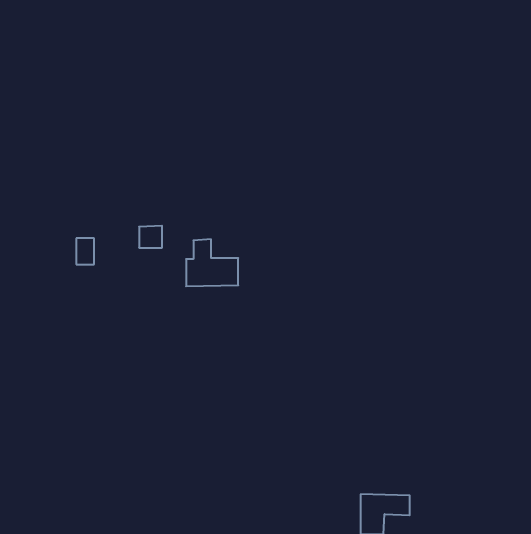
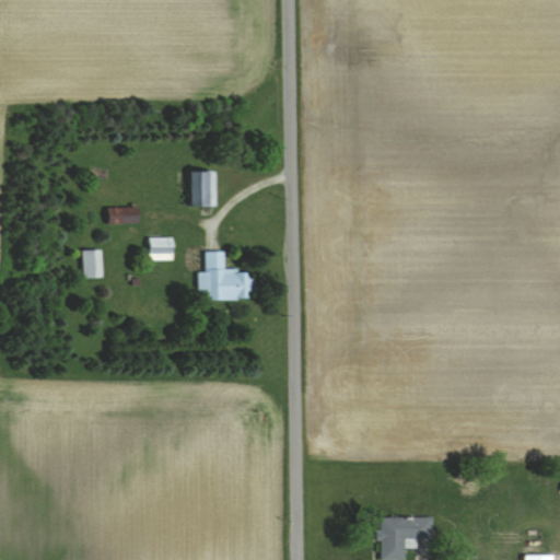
building: none -> [191,170,215,206]
building: none -> [108,207,138,222]

